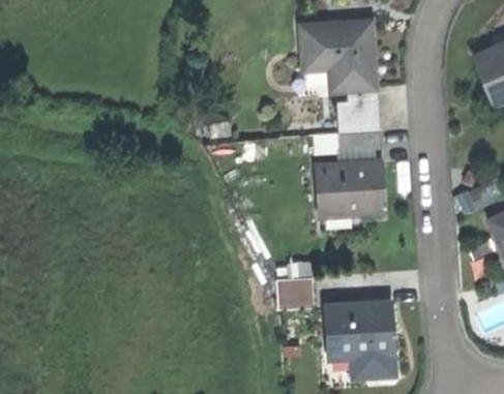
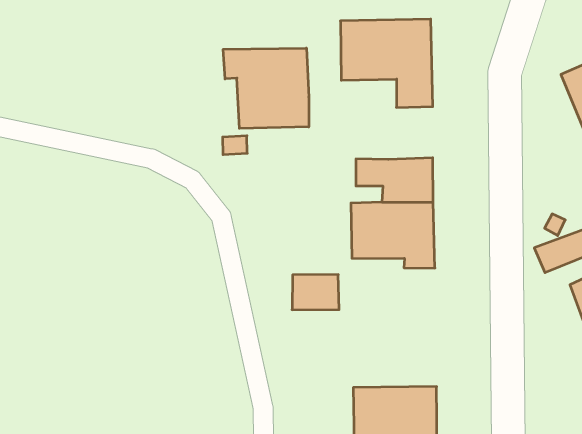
building: none -> [223,48,309,128]
building: [340,90,377,132] -> none
building: [281,277,319,306] -> [292,275,339,310]

